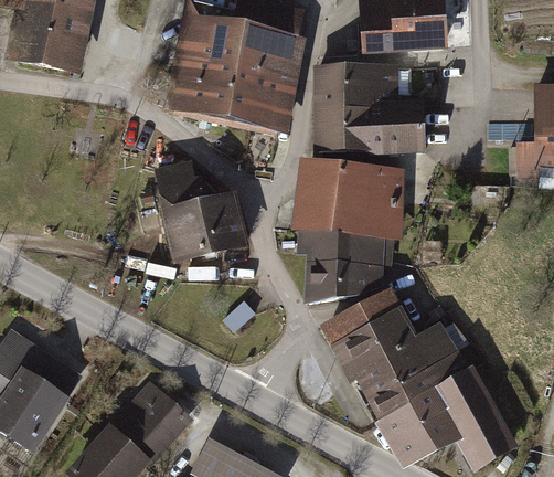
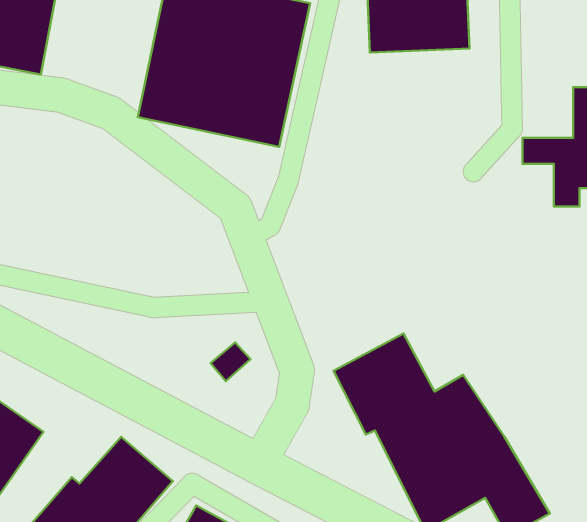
building: [317,65,420,150] -> none
building: [155,162,247,259] -> none
building: [299,163,398,300] -> none

